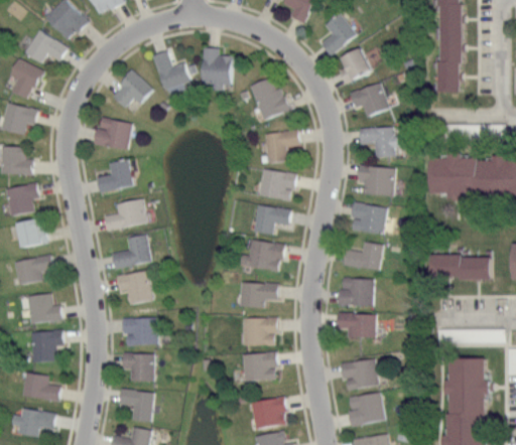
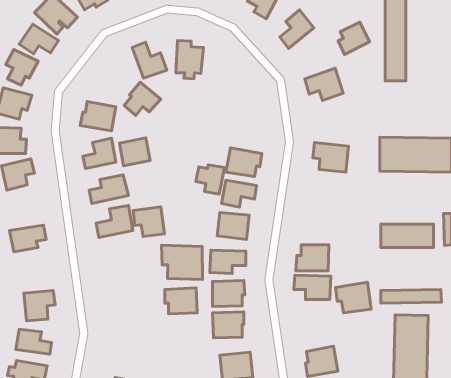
building: [337,49,372,86] -> [338,22,370,54]
building: [112,70,153,108] -> [124,82,161,115]
building: [250,78,288,119] -> none
building: [360,127,401,158] -> none
building: [264,129,300,164] -> none
building: none -> [119,138,150,166]
building: none -> [196,165,225,194]
building: [350,202,387,236] -> none
building: [19,218,50,249] -> none
building: [343,241,383,271] -> none
building: [117,271,152,304] -> [133,207,164,236]
building: none -> [161,245,202,279]
building: [26,294,62,323] -> none
building: [123,317,159,346] -> [165,288,197,314]
building: [123,352,157,382] -> none
building: [339,357,379,392] -> [335,282,371,313]
building: [120,389,155,423] -> none

